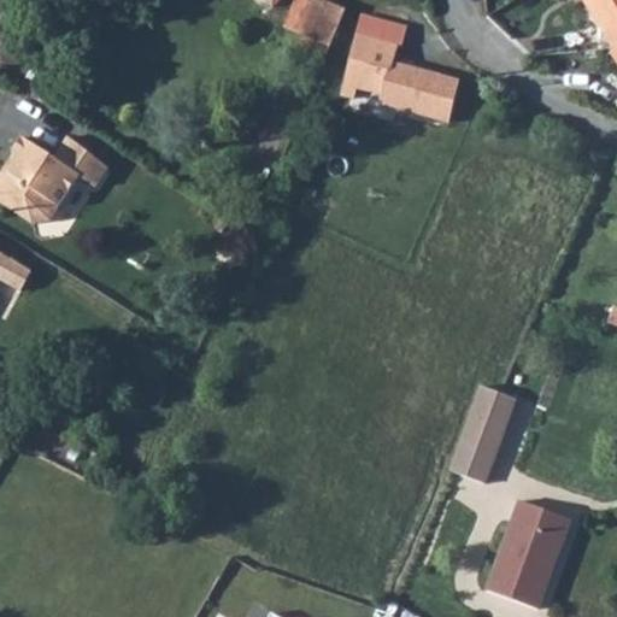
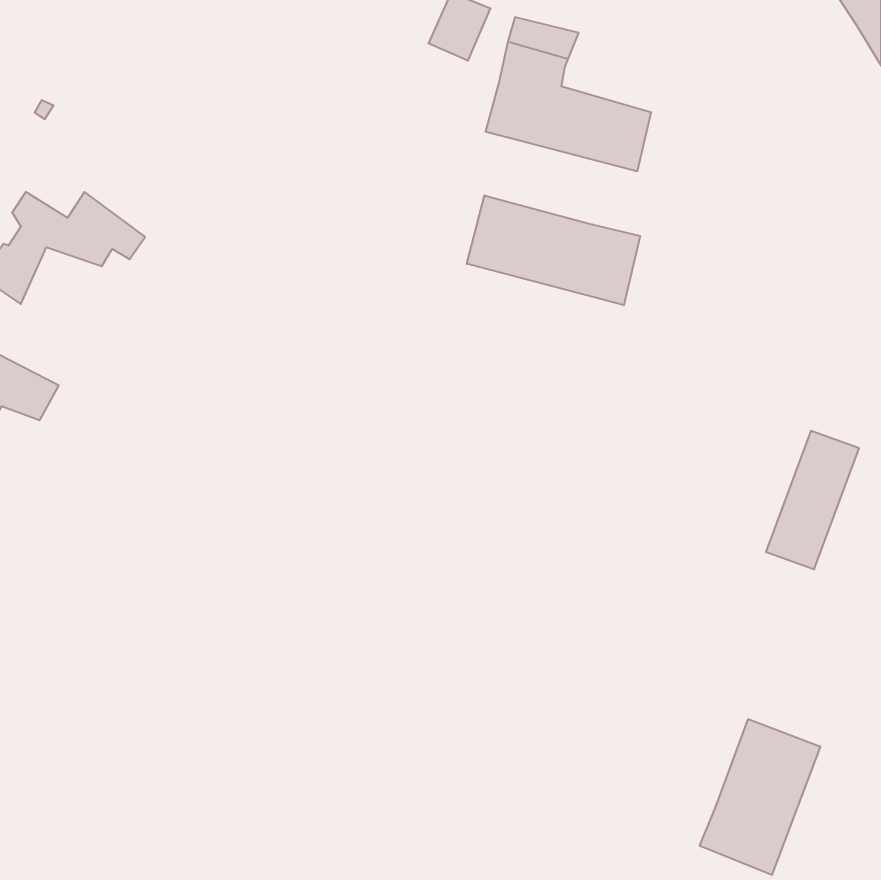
building: none -> [467,195,640,305]
building: [14,172,71,230] -> none
building: [453,386,518,482] -> [766,431,859,569]

